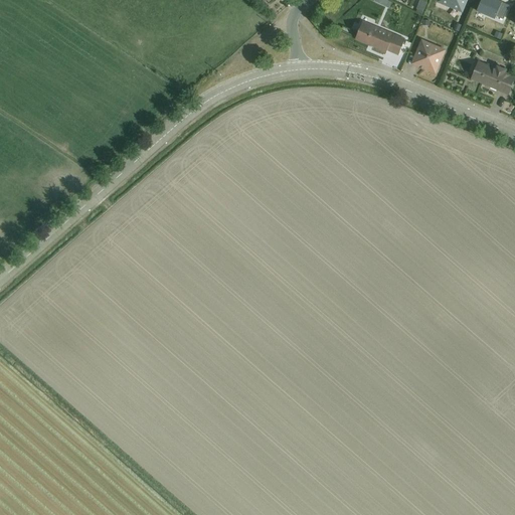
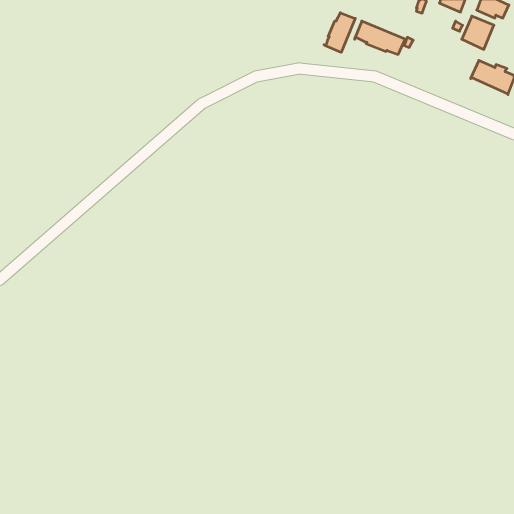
building: none -> [324,13,355,52]
building: [411,39,444,72] -> [462,16,494,49]

